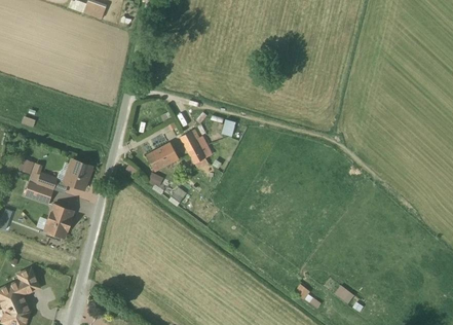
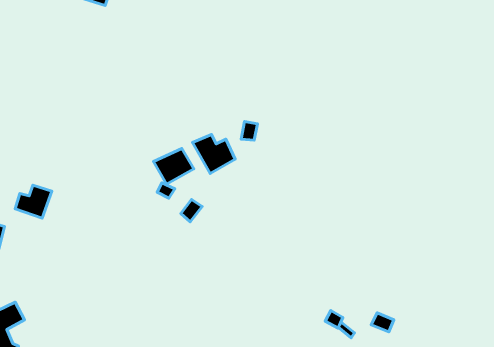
building: [60,158,93,191] -> none
building: [41,203,75,240] -> none

